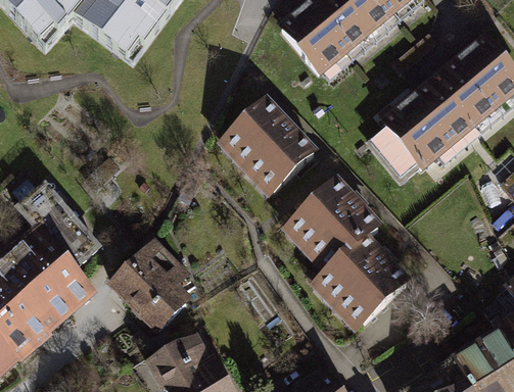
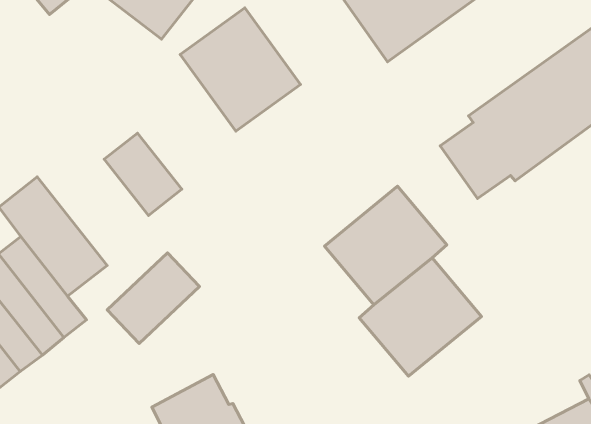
building: [217,93,316,193] -> [180,8,301,131]
building: none -> [104,133,182,215]
building: [134,263,192,336] -> none

